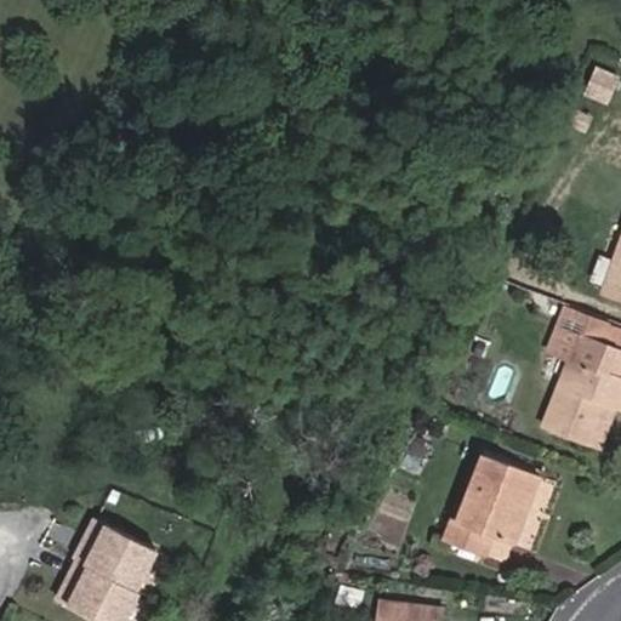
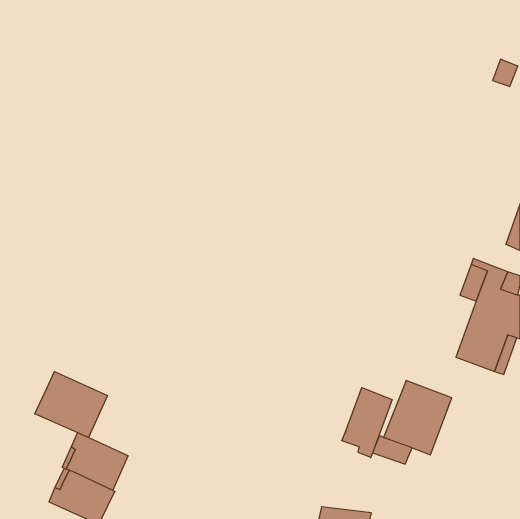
building: none -> [35,371,107,437]
building: none -> [342,388,392,458]

